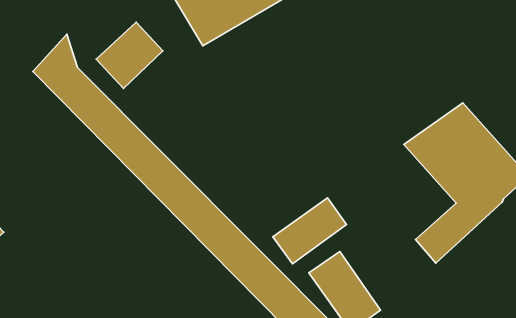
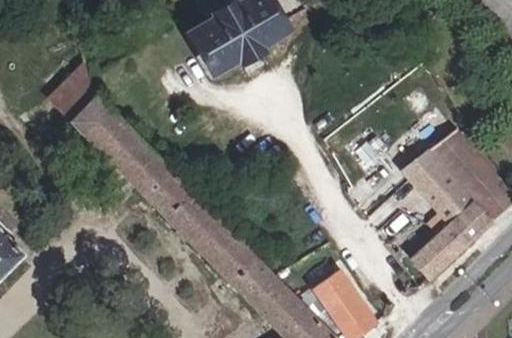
building: [96,22,163,88] -> none
building: [273,198,346,264] -> none

